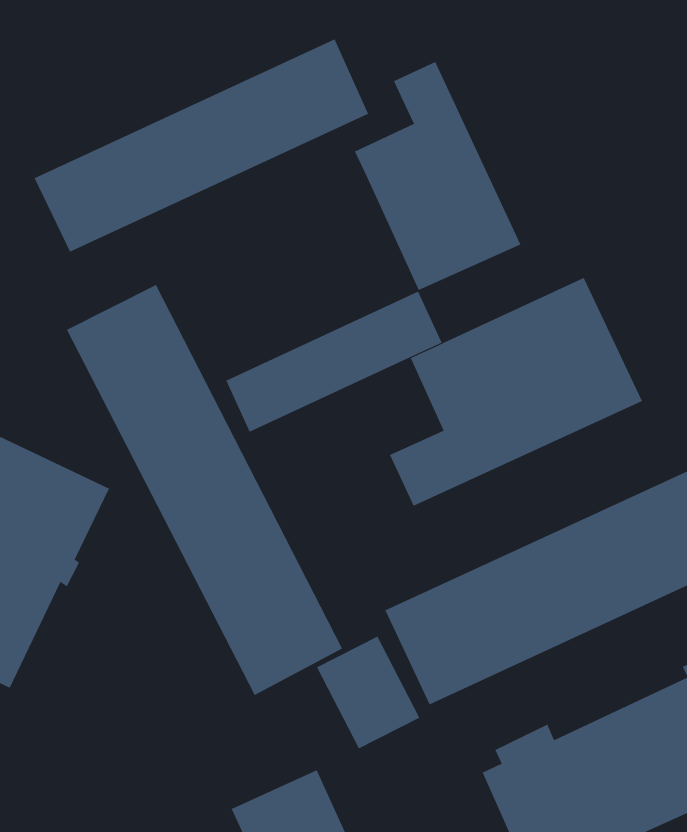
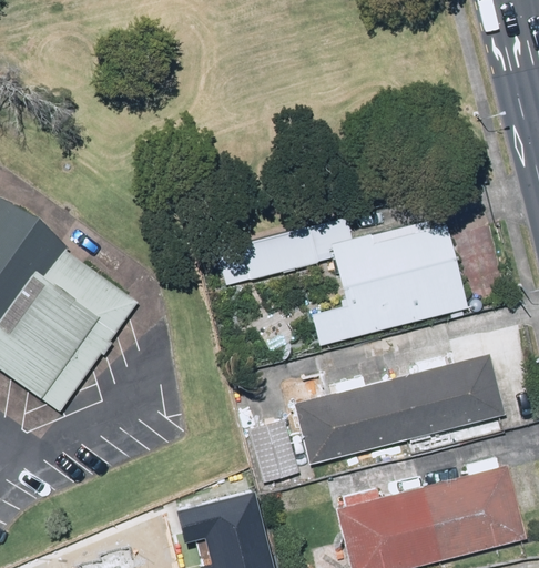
building: [34,38,369,253] -> none
building: [354,61,521,291] -> none
building: [66,284,343,696] -> none

